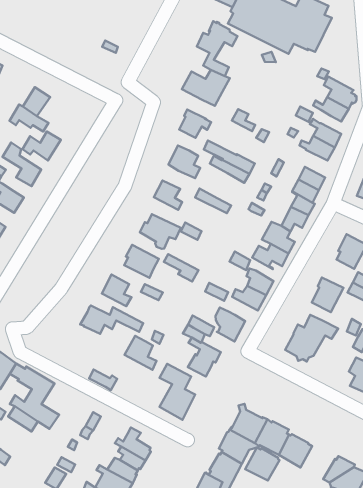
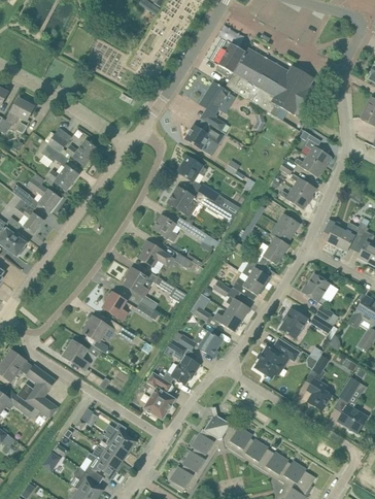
building: none -> [65,139,96,165]
building: [124,336,157,370] -> [62,339,89,369]
building: [245,447,280,481] -> [259,450,288,478]

